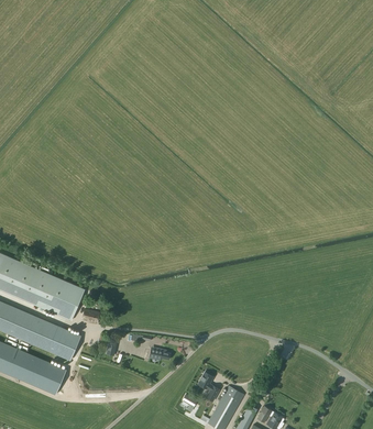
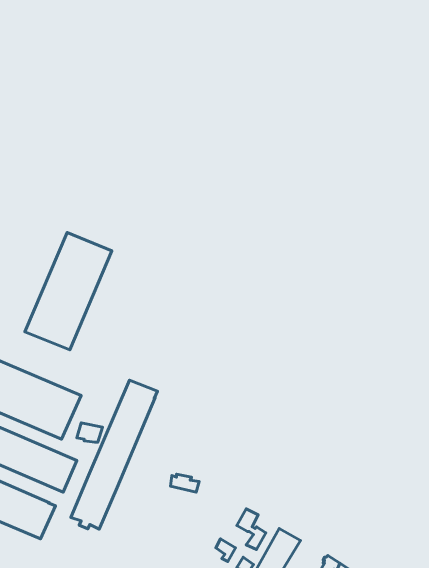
building: none -> [25,233,112,350]
building: none -> [71,380,157,529]

